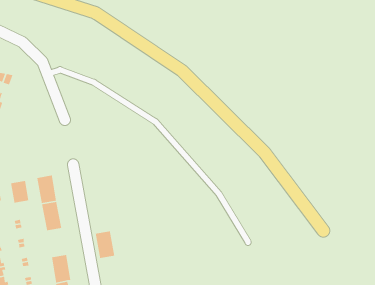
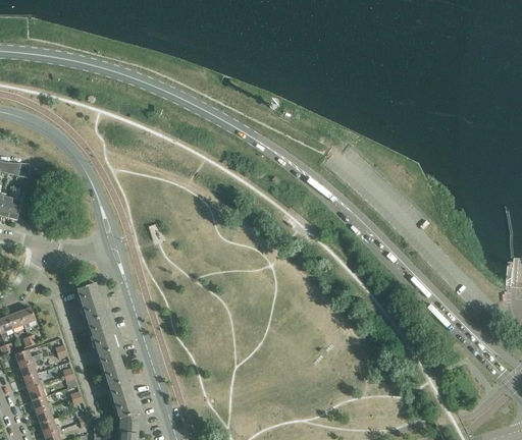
building: [10,180,29,203] -> none
building: [95,231,115,259] -> [98,349,127,387]

